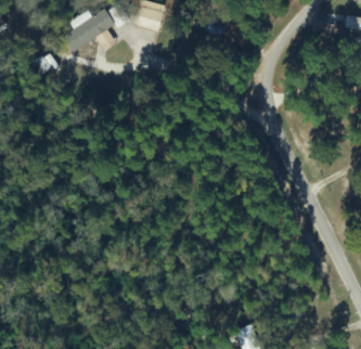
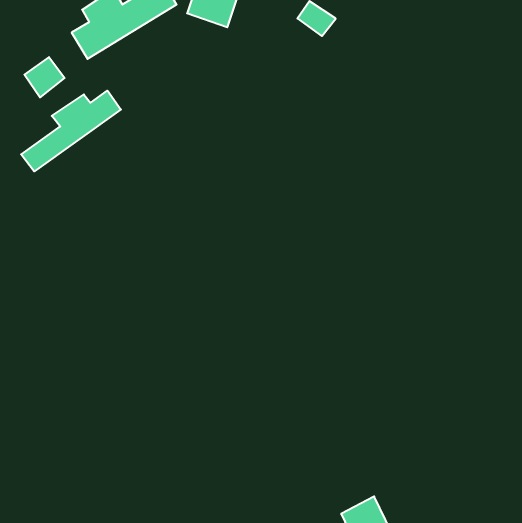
building: none -> [21,91,121,171]

